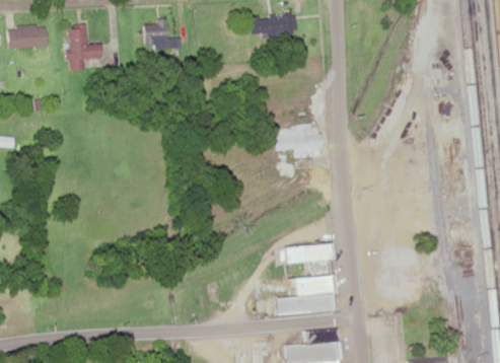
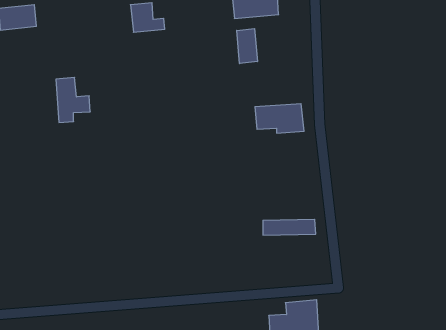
building: [68,24,103,71] -> [56,77,90,122]
building: none -> [237,29,257,64]
building: [277,275,335,315] -> none

